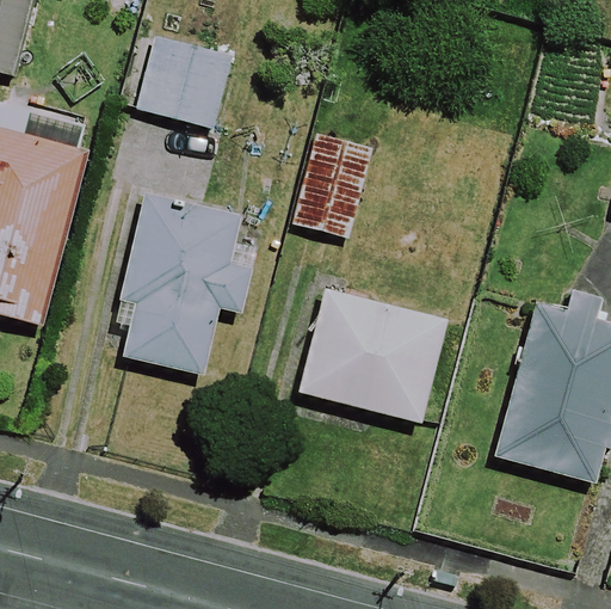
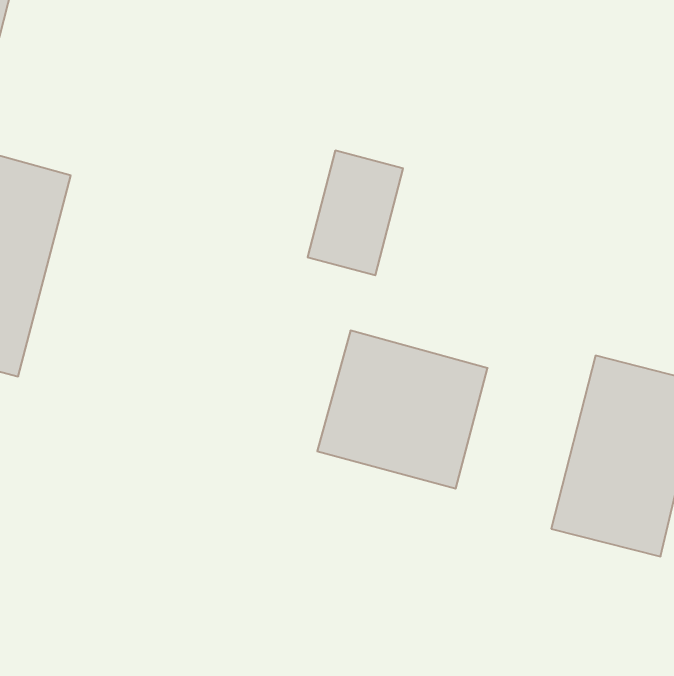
building: [131,35,229,128] -> none
building: [118,192,257,375] -> none

